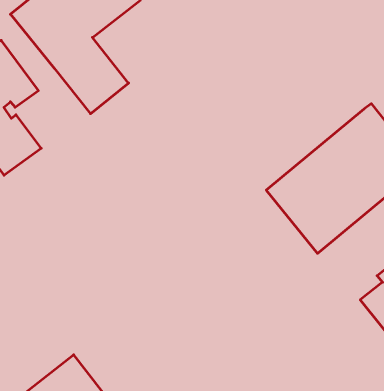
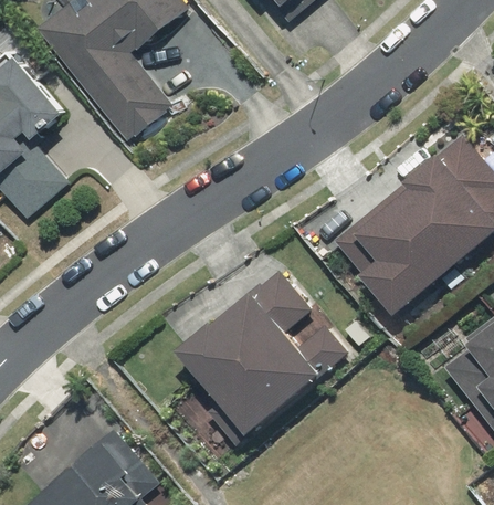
building: none -> [183,269,346,448]

